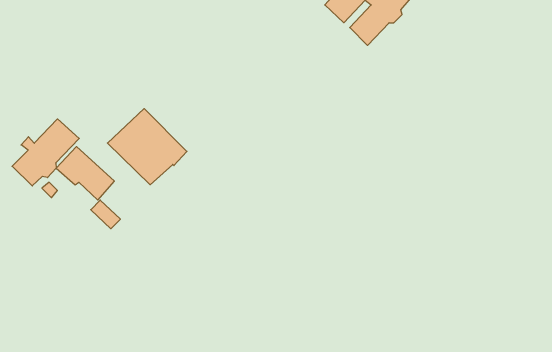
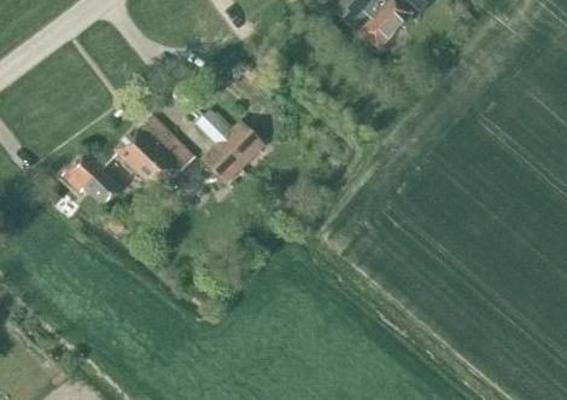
building: none -> [193,106,265,184]
building: [12,119,79,186] -> none

